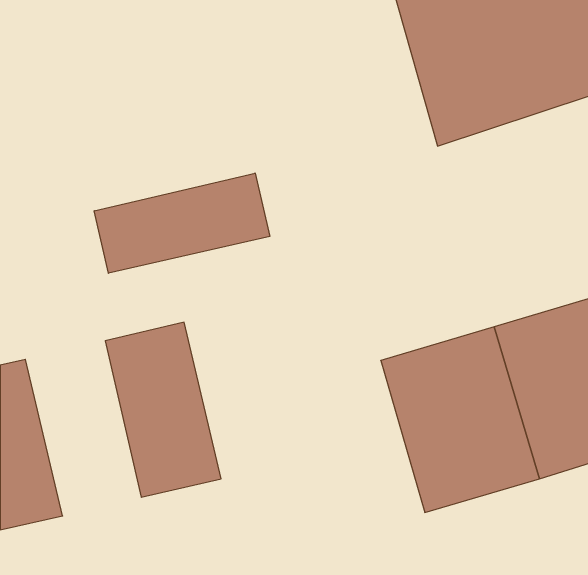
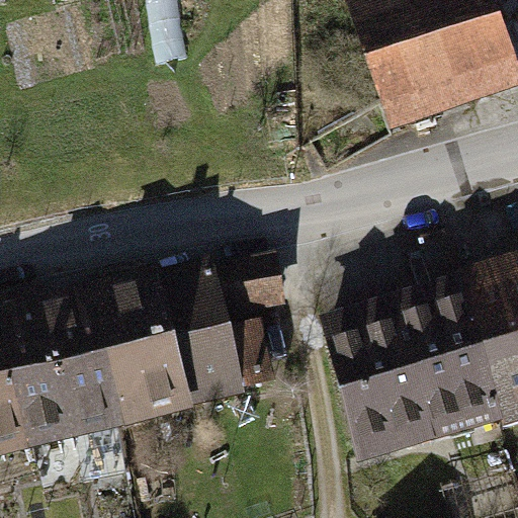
building: [94,173,270,273] -> none
building: none -> [164,265,265,418]
building: none -> [25,297,126,450]

